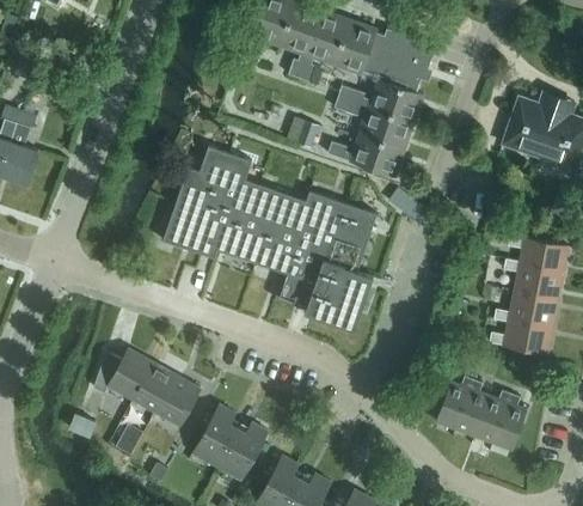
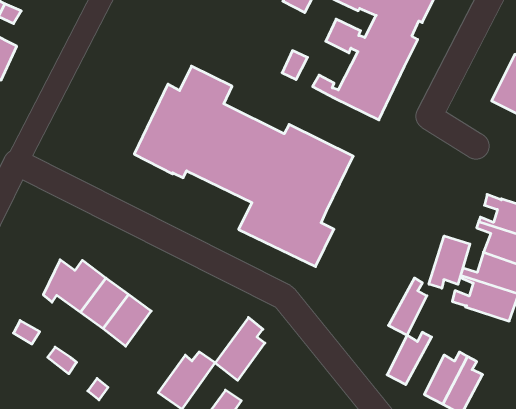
building: none -> [429,236,470,288]
building: [454,380,487,437] -> [388,278,427,335]
building: [192,406,238,468] -> [215,317,265,380]

